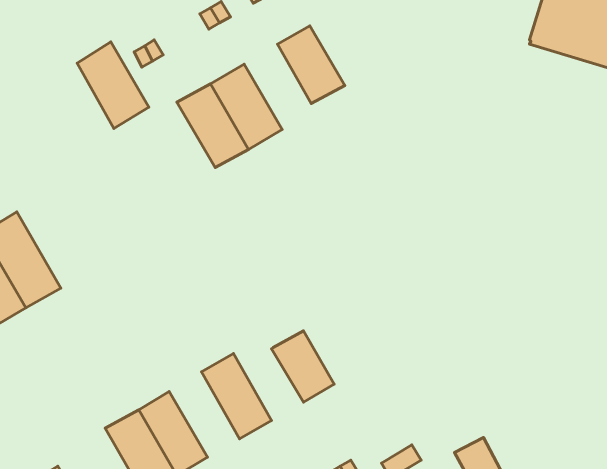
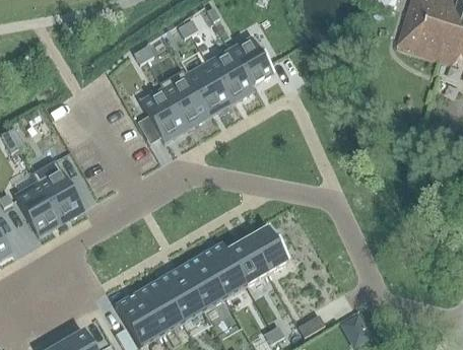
building: [77,42,149,129] -> [139,86,187,144]
building: none -> [206,48,254,104]
building: none -> [246,226,286,274]
building: none -> [199,241,246,298]
building: none -> [156,266,203,323]

